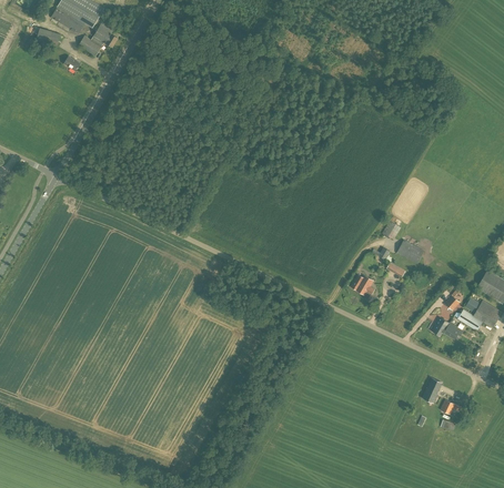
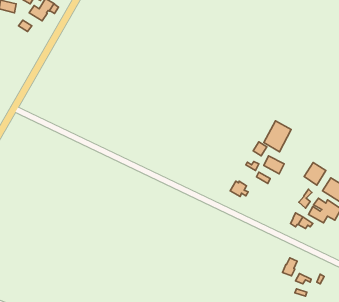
building: none -> [264,121,291,152]
building: none -> [304,162,326,185]

